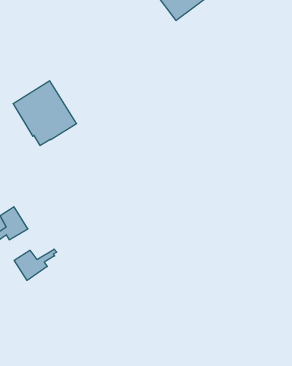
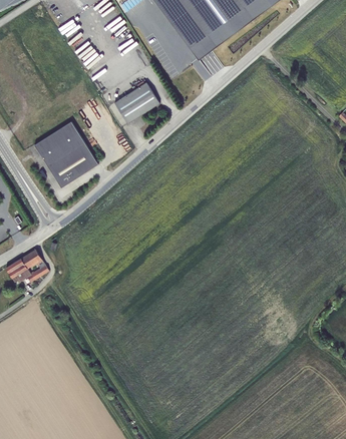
building: none -> [112,81,158,122]
building: [14,249,57,280] -> none

